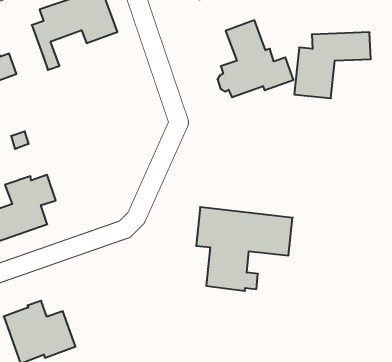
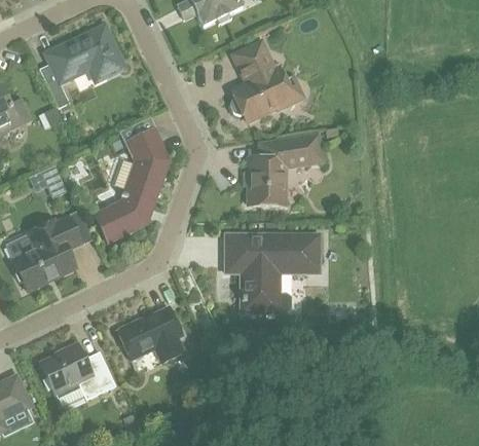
building: [294,32,371,98] -> [248,135,321,205]
building: none -> [95,128,169,241]
building: none -> [116,306,183,362]

